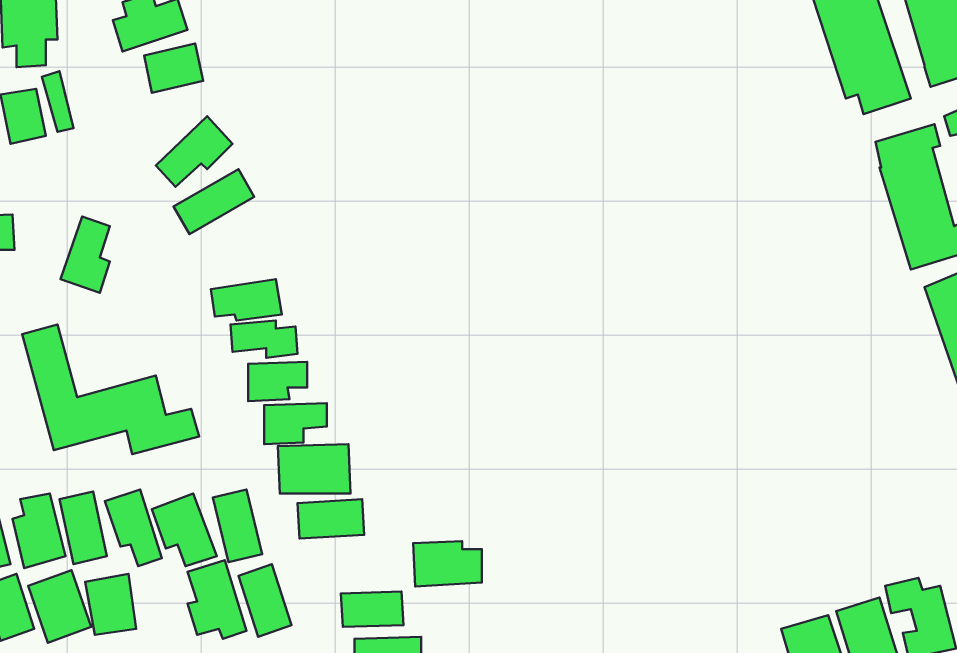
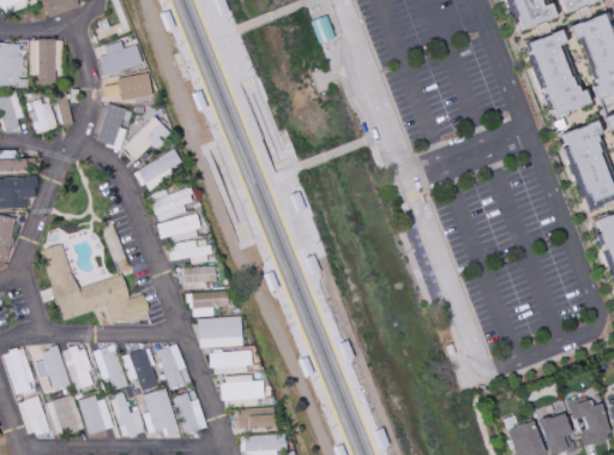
building: [61,216,110,293] -> [96,103,126,150]
building: none -> [149,188,192,222]
building: [413,541,482,586] -> [222,376,264,403]
building: none -> [112,394,144,438]

